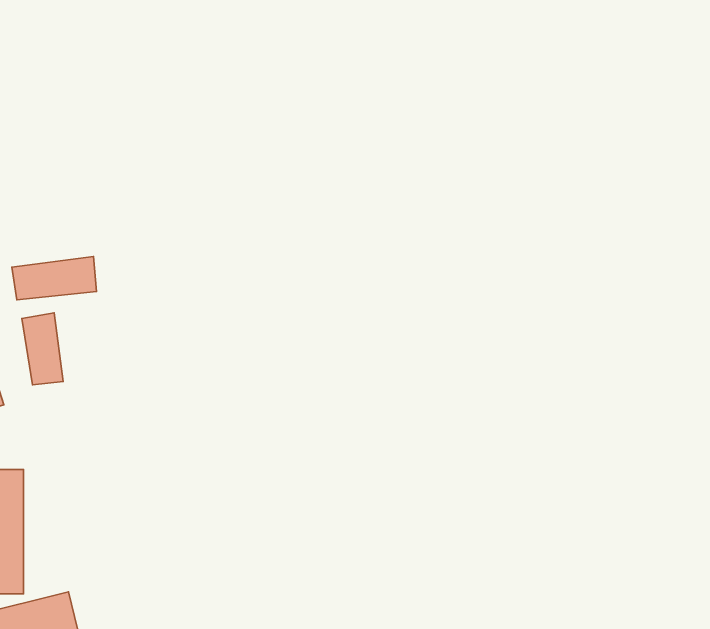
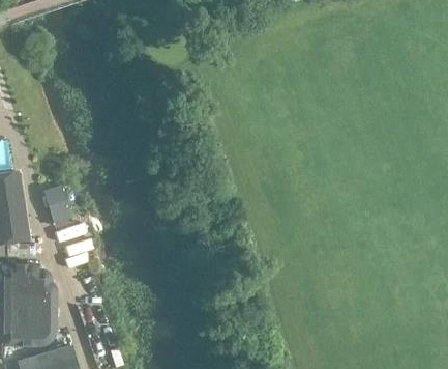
building: [12,257,97,300] -> none

